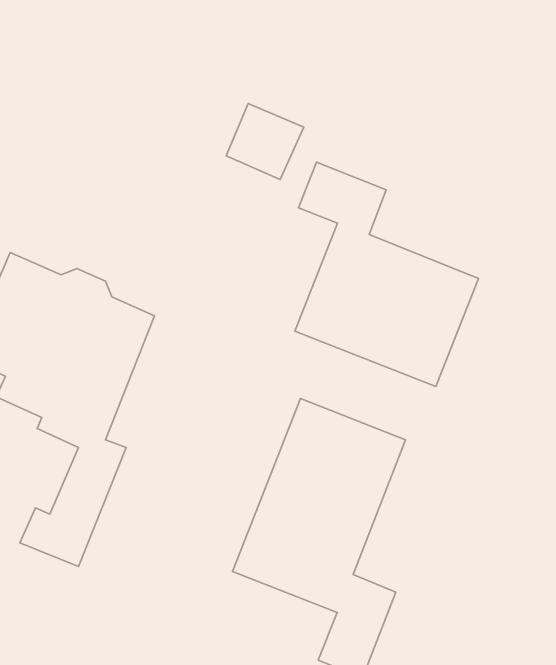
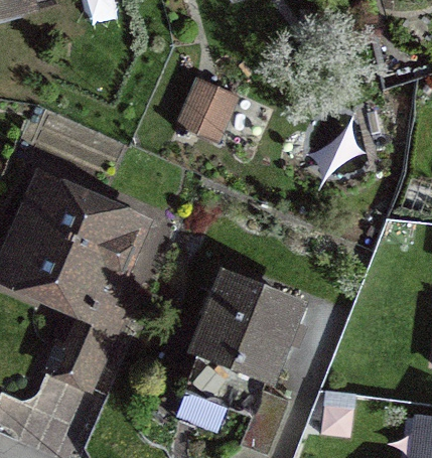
building: [295,162,479,387] -> none

